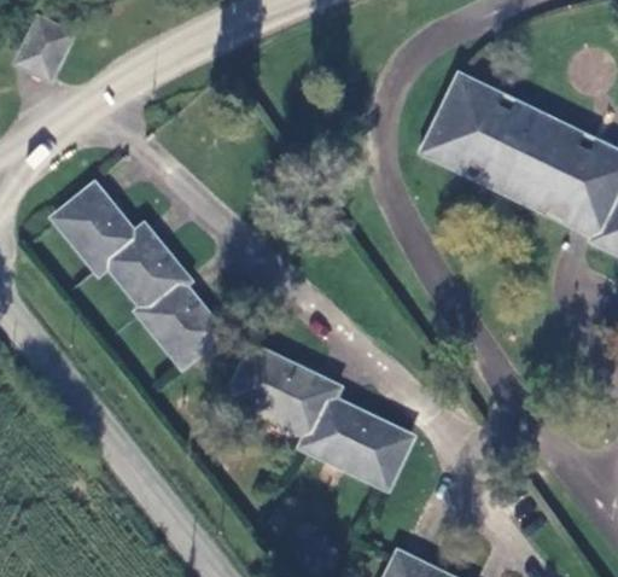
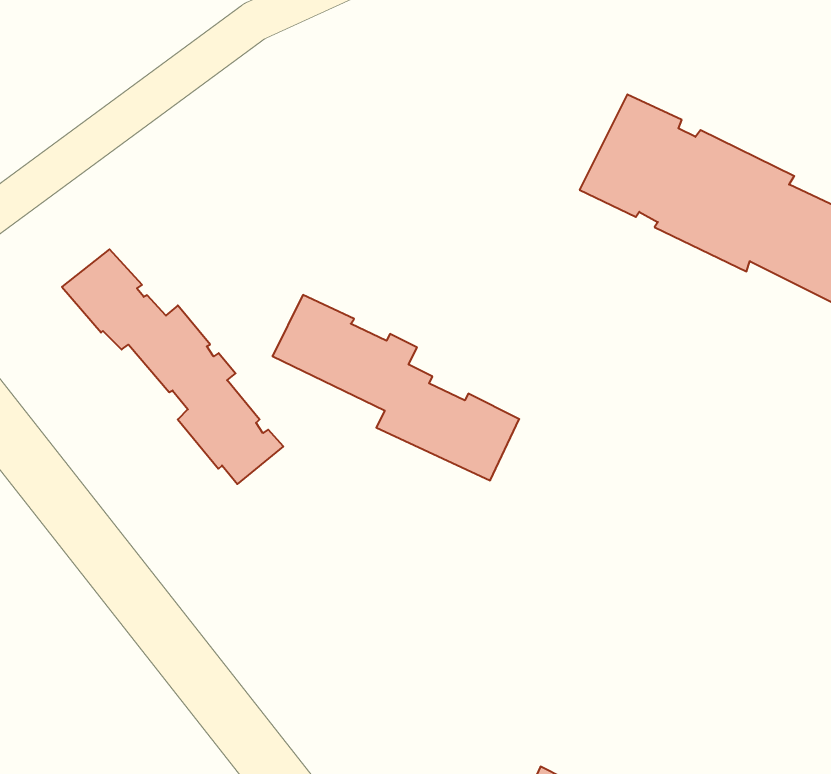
building: [23,22,66,71] -> none
building: [232,349,407,480] -> [272,295,519,480]

